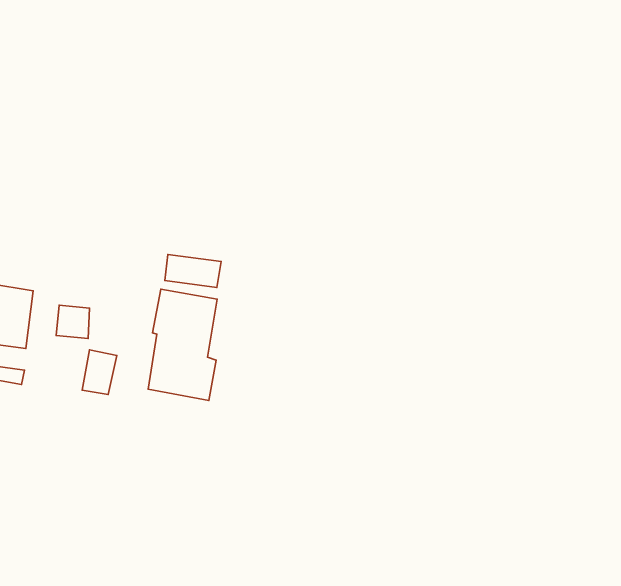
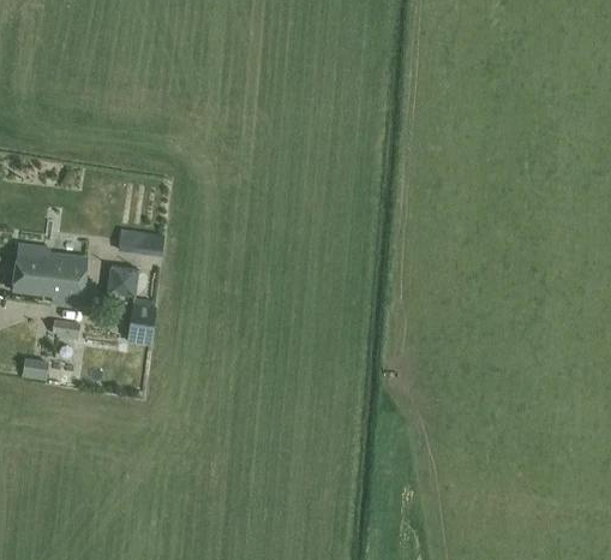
building: [165,254,221,288] -> [118,228,164,256]
building: [148,289,217,401] -> none

